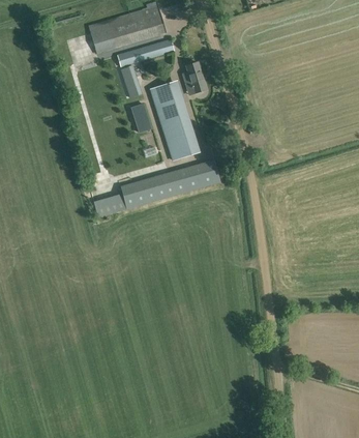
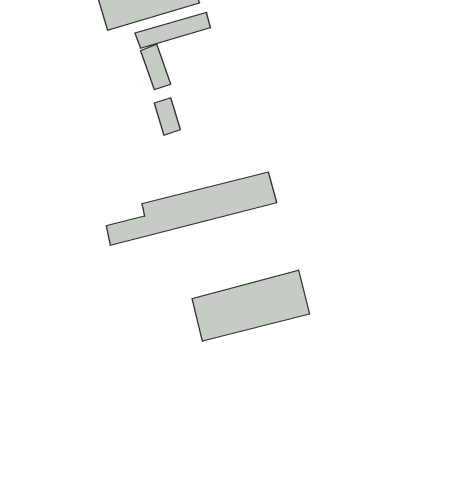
building: [183,62,206,92] -> none
building: [151,83,201,162] -> none
building: none -> [192,270,310,341]

